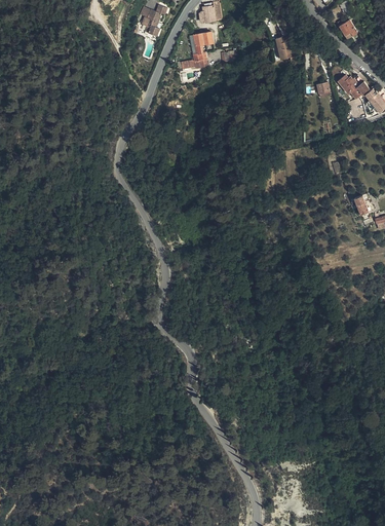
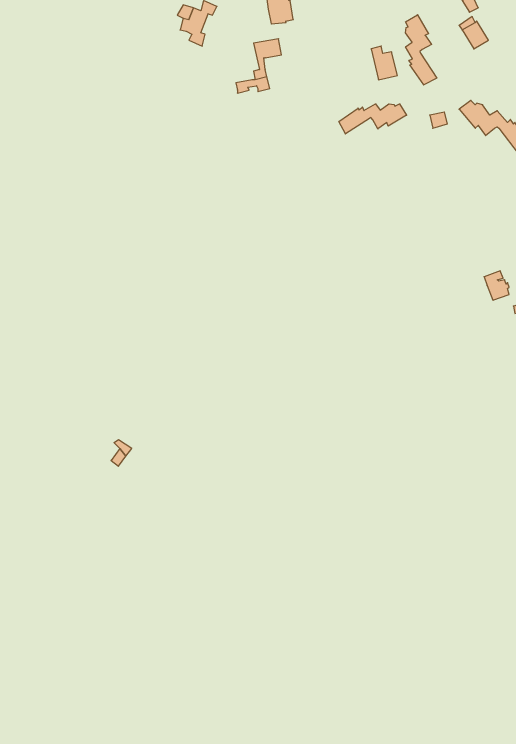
building: none -> [406,15,437,85]
building: none -> [339,104,407,134]

